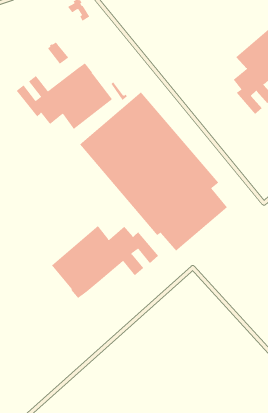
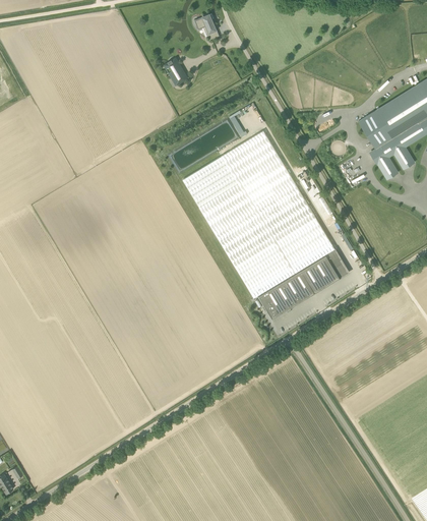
building: [16,62,113,130] -> none
building: [51,225,159,299] -> none

